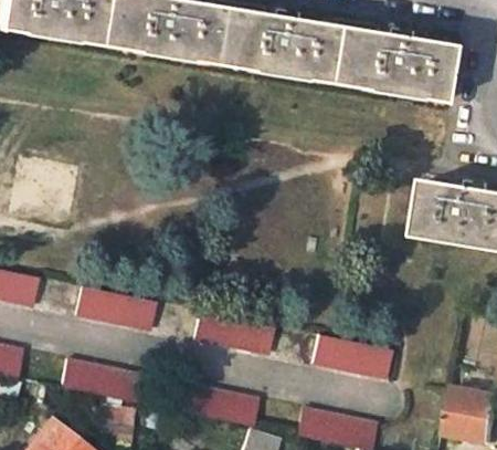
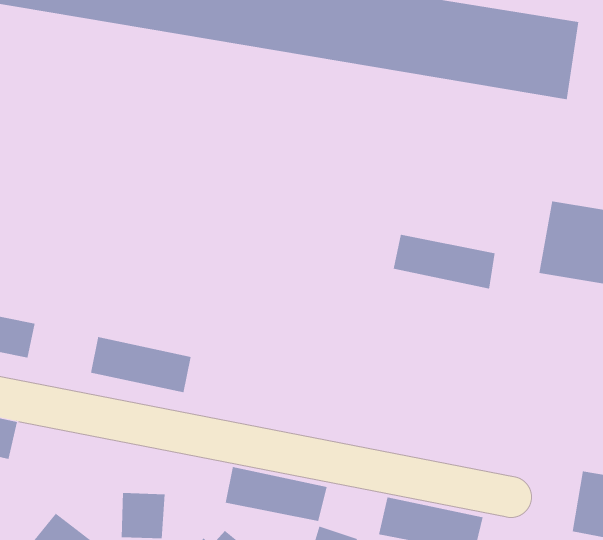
building: [197,310,275,352] -> none
building: [314,334,392,376] -> [393,234,496,289]
building: [63,359,140,401] -> none

